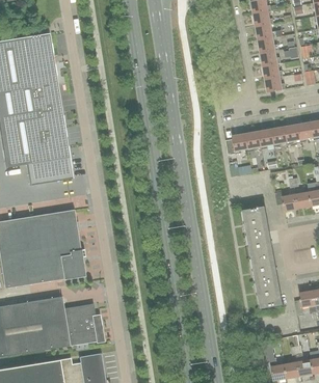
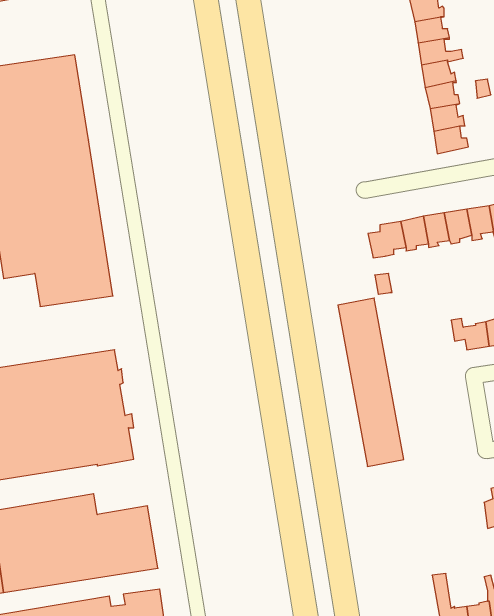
building: [243,207,283,307] -> [338,298,404,466]

